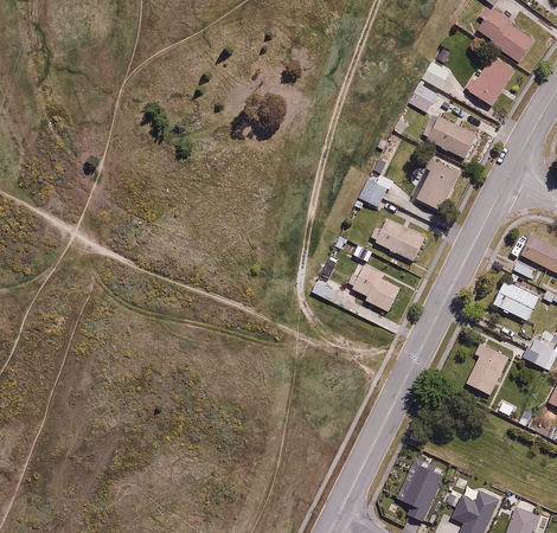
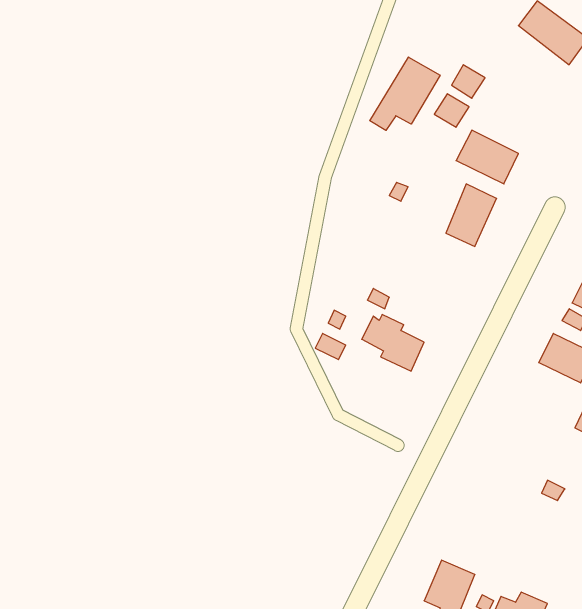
building: none -> [370,57,440,130]
building: [465,54,514,104] -> none
building: [359,175,393,205] -> none
building: [374,217,424,259] -> none
building: [466,343,508,393] -> none

